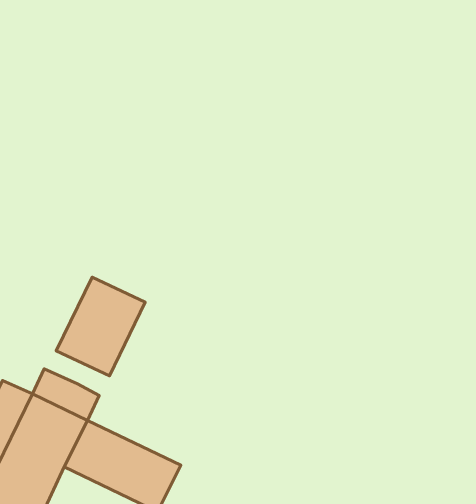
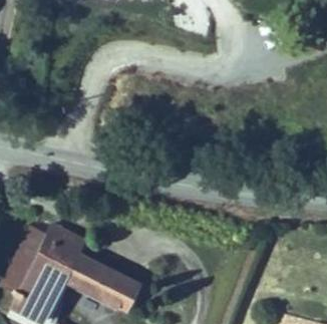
building: [56,277,145,376] -> none

